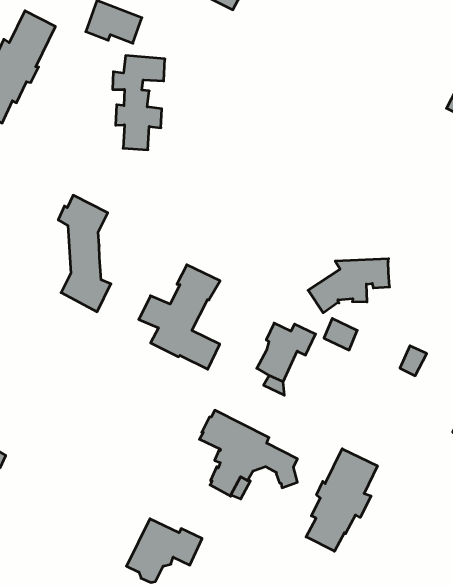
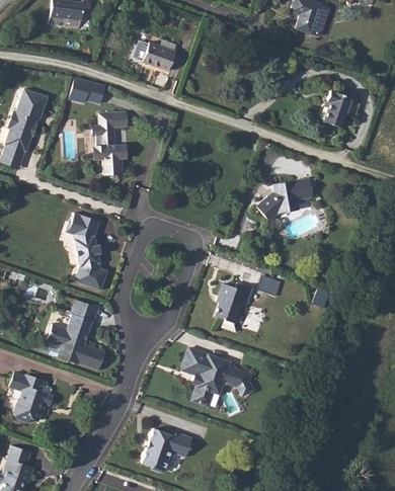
building: [308,259,390,313] -> [256,177,312,220]
building: [139,265,220,369] -> [47,299,104,369]
building: [306,449,377,551] -> none

